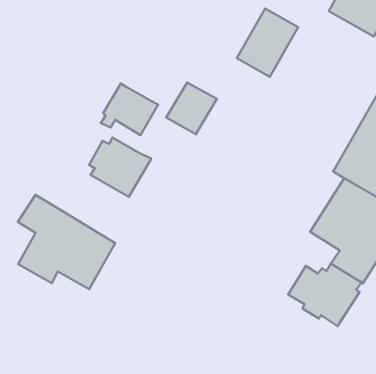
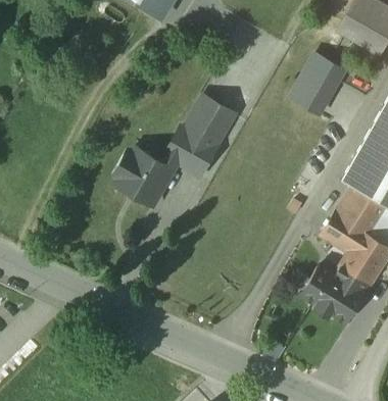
building: [237,9,298,77] -> [287,51,344,114]
building: [101,84,158,135] -> [162,128,215,176]
building: [18,195,115,289] -> none

